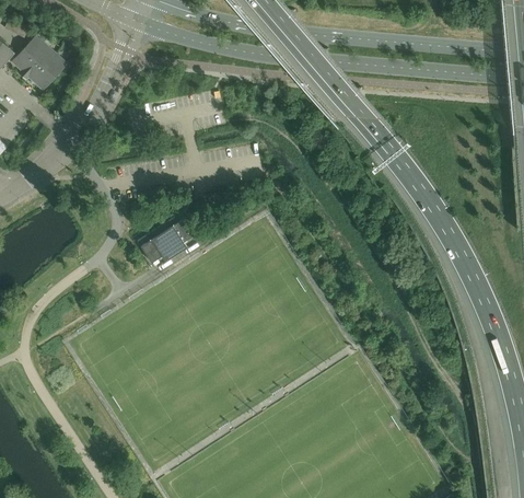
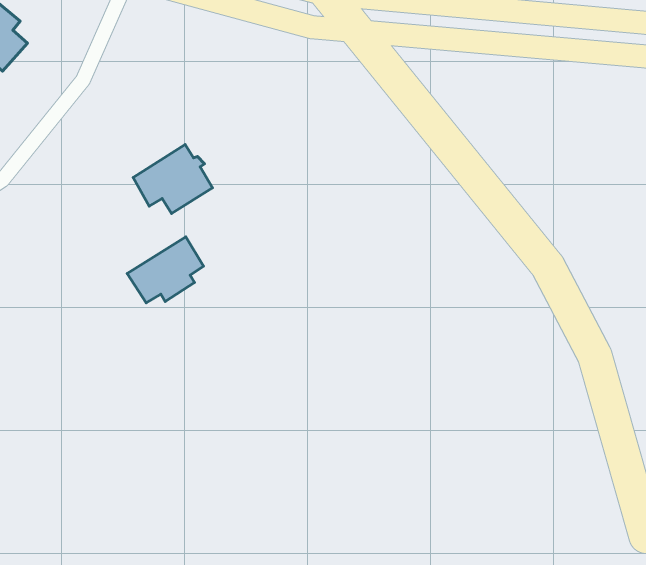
building: none -> [133,144,212,214]

